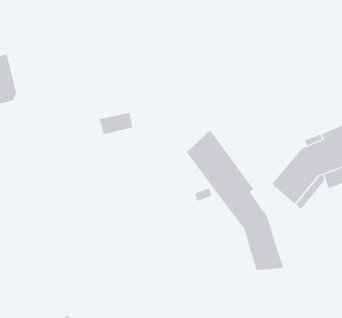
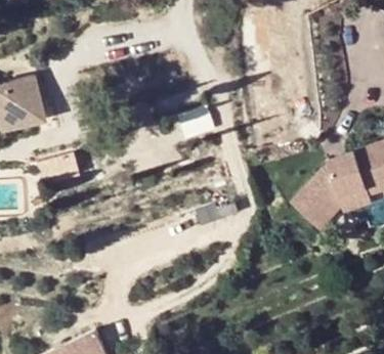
building: [186,130,284,271] -> none

